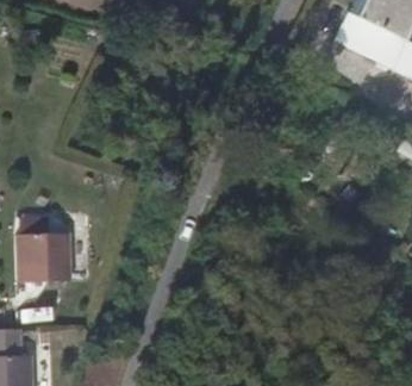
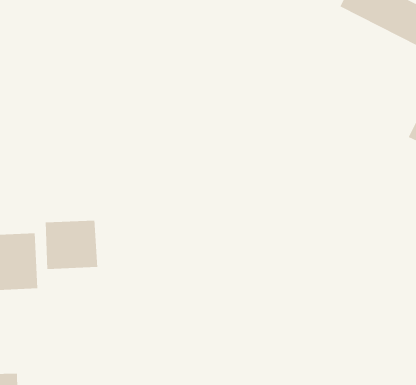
building: none -> [45,220,98,270]

